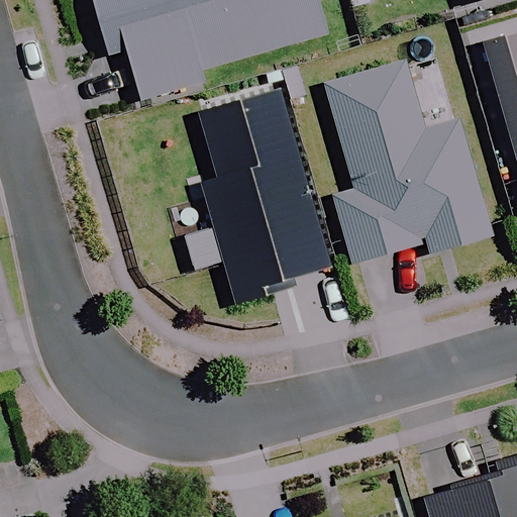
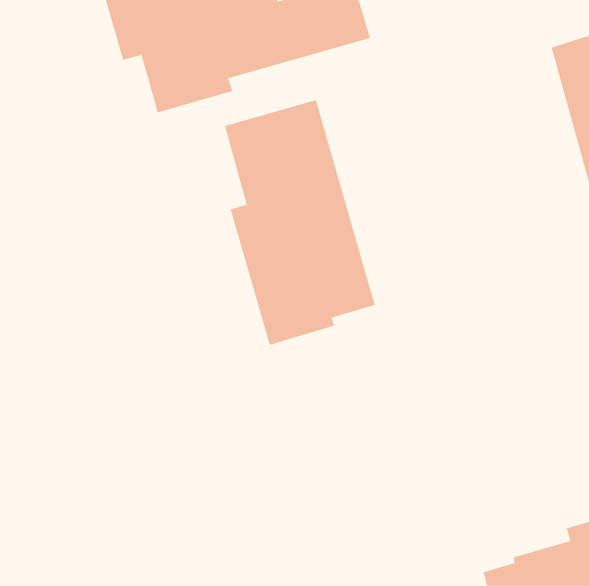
building: [324,61,491,262] -> none

